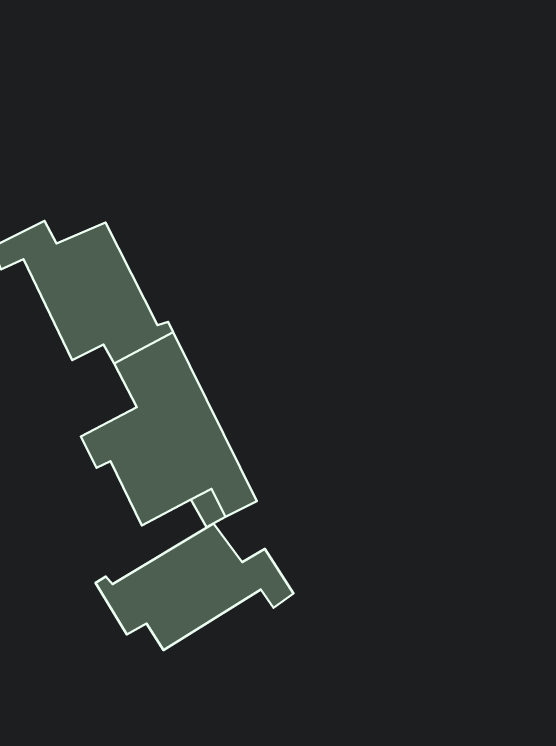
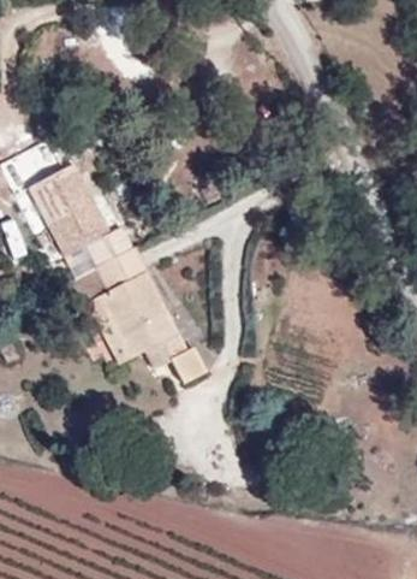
building: [95,523,294,650] -> none

